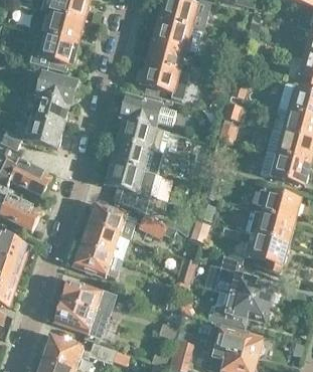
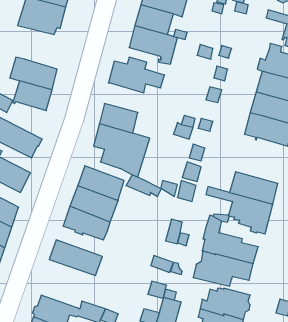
building: [34,72,76,105] -> none
building: [116,119,171,153] -> none
building: [256,188,299,221] -> none
building: [53,299,107,335] -> none

